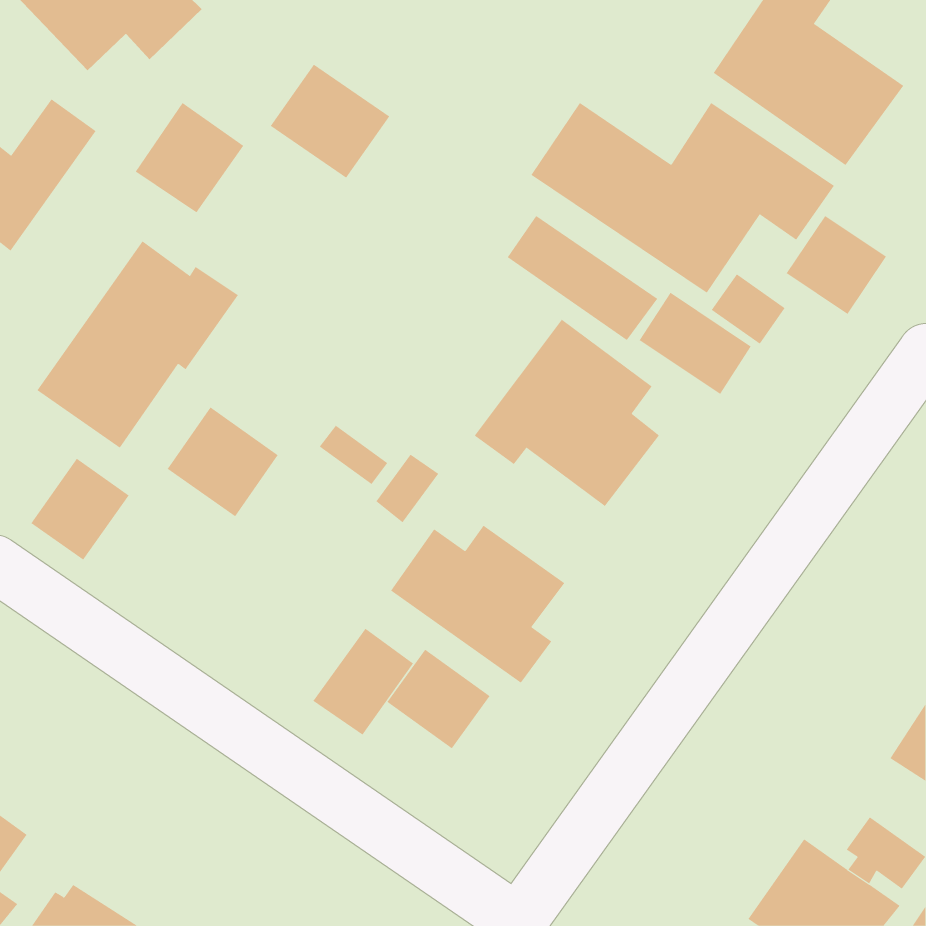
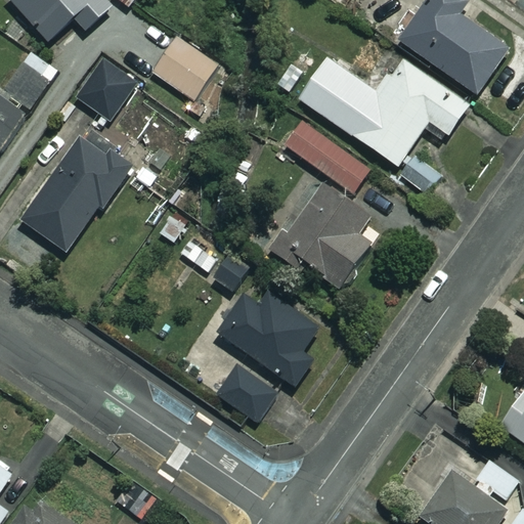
building: [786,215,887,315] -> none
building: [639,292,752,395] -> none
building: [167,407,278,517] -> none
building: [30,458,130,561] -> none
building: [313,628,414,736] -> none

